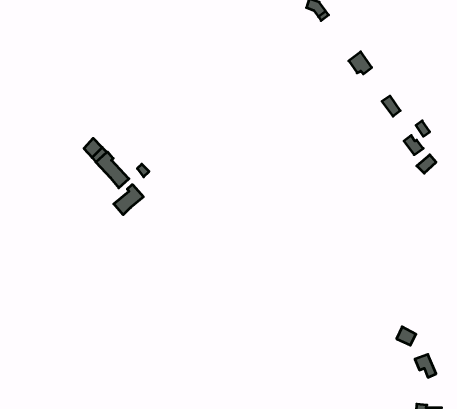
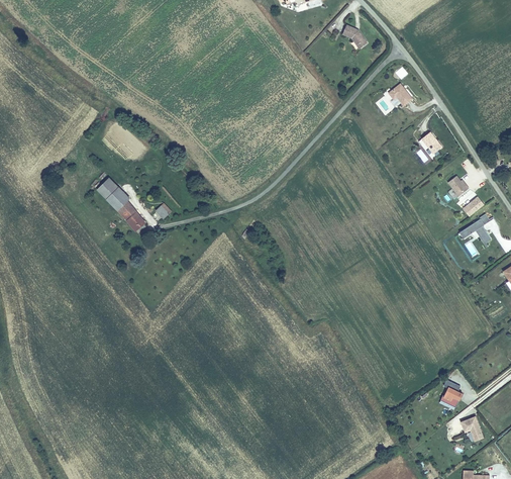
building: none -> [459,213,493,247]
building: [114,185,143,215] -> none

